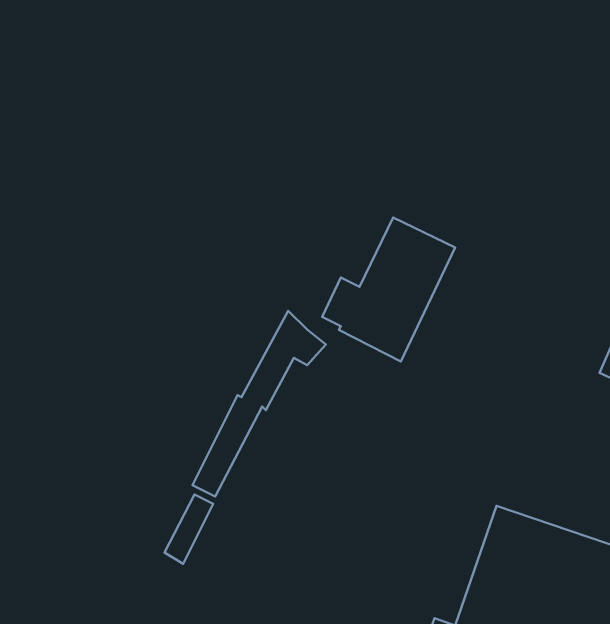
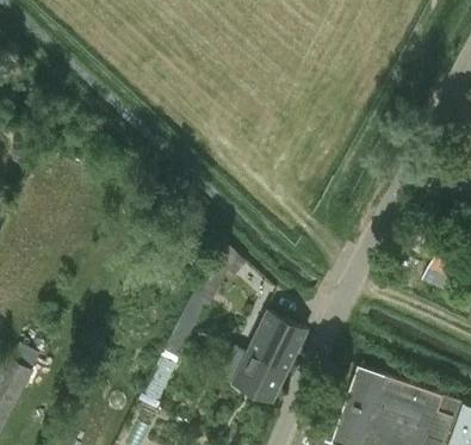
building: [322,217,455,362] -> [222,313,306,404]

